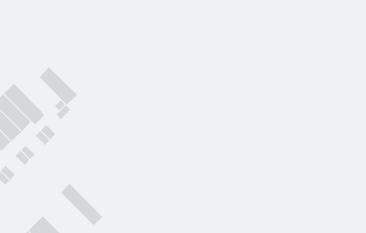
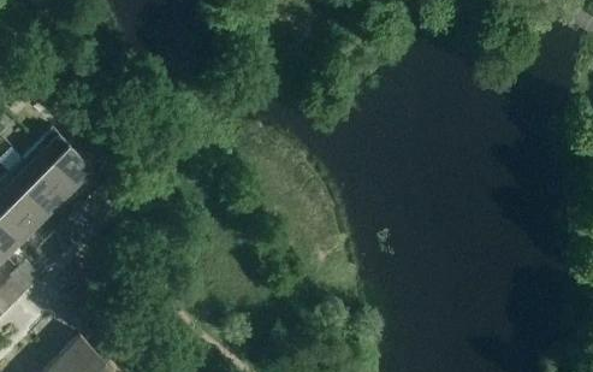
building: [39,67,78,105] -> [36,129,93,185]
building: [60,183,103,226] -> none

